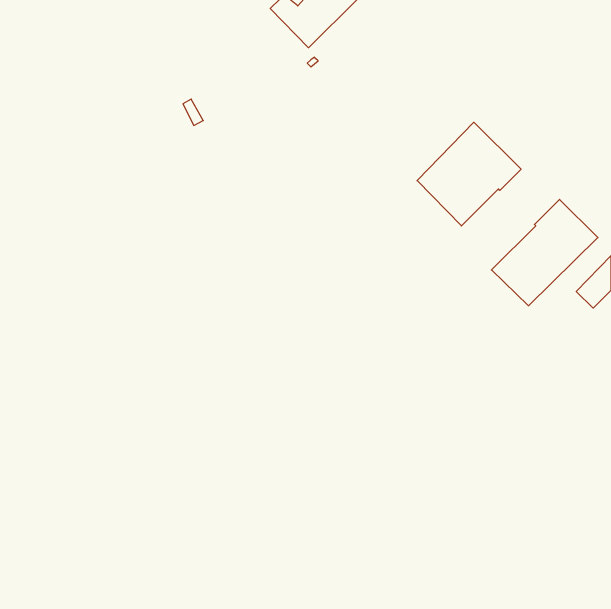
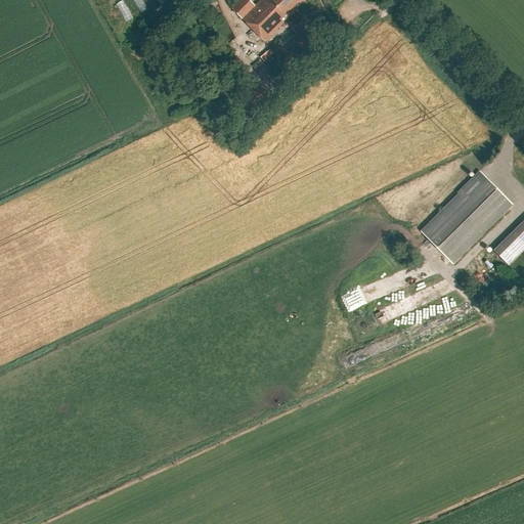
building: [417,122,521,226] -> none

